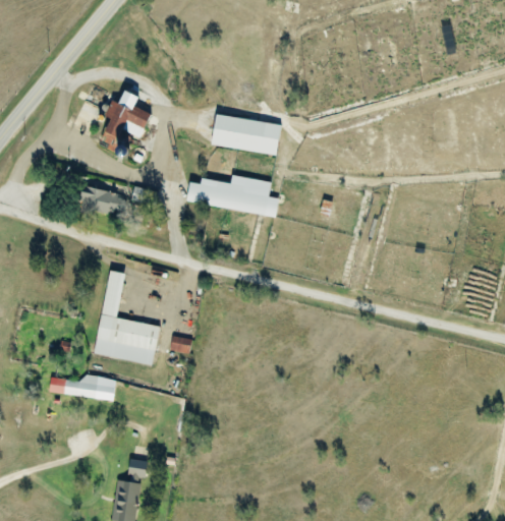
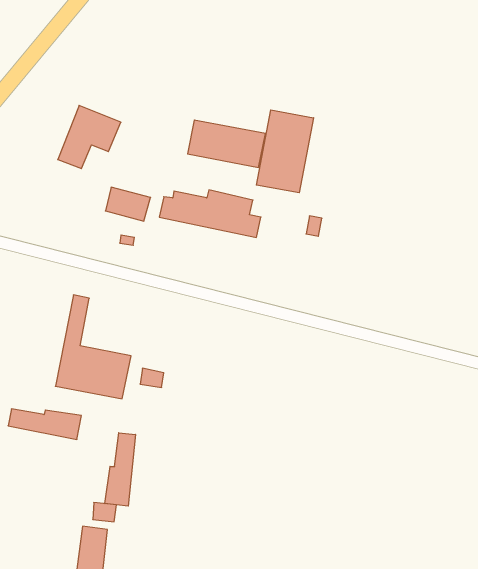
building: none -> [256,110,314,193]
building: [77,185,118,216] -> [105,187,151,221]
building: none -> [105,433,135,506]

